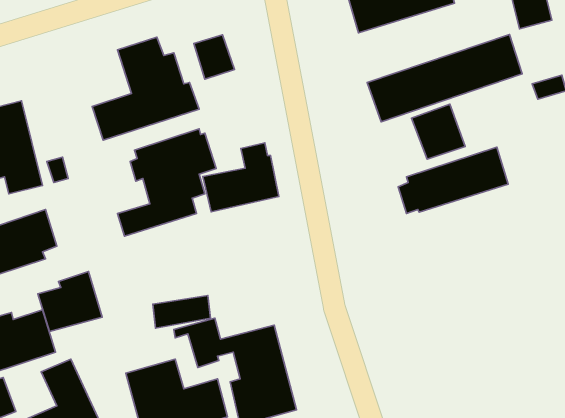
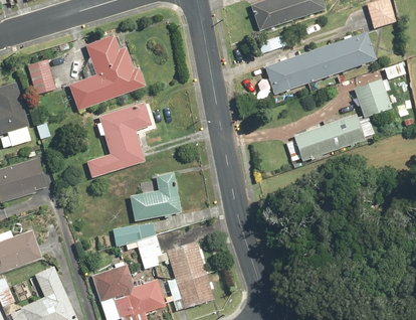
building: [194,35,235,79] -> none
building: none -> [27,58,56,96]
building: [412,104,465,159] -> [353,77,391,117]
building: [203,143,279,212] -> [129,171,183,220]
building: [38,272,102,332] -> none

